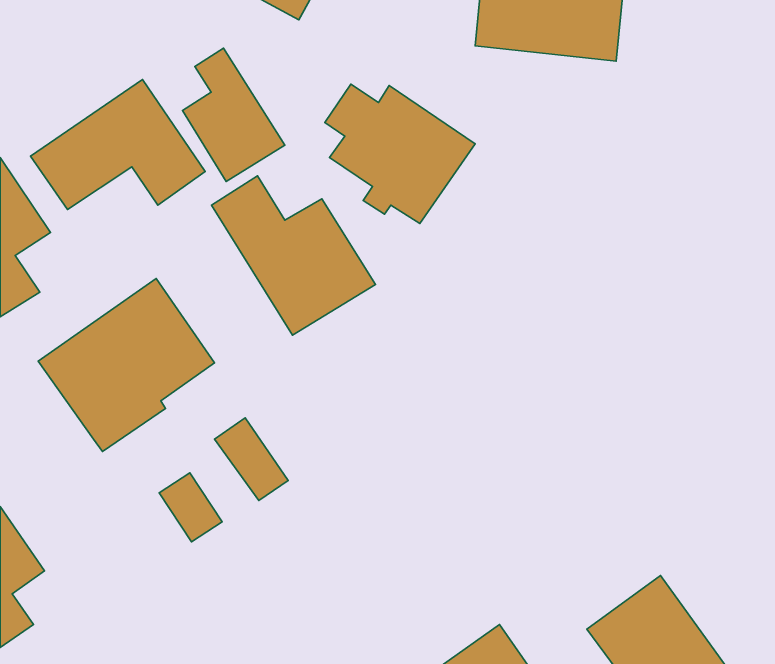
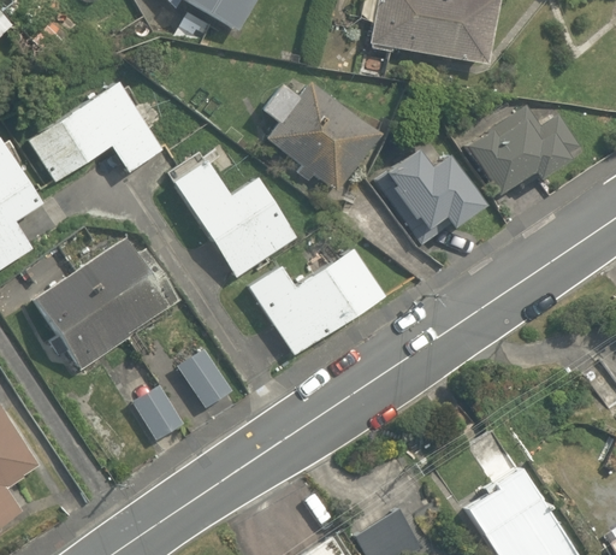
building: [182,48,285,181] -> none
building: none -> [460,101,576,194]
building: none -> [377,136,485,232]
building: none -> [247,242,386,353]

